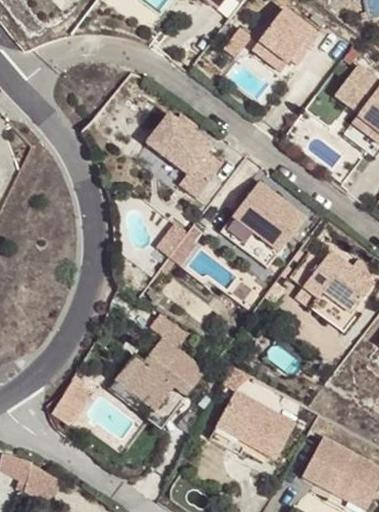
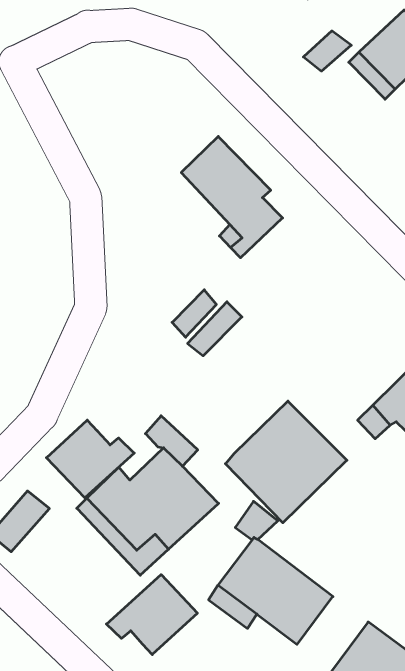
building: [221,182,305,267] -> [225,401,347,523]
building: none -> [46,420,134,498]
building: none -> [106,575,197,655]

